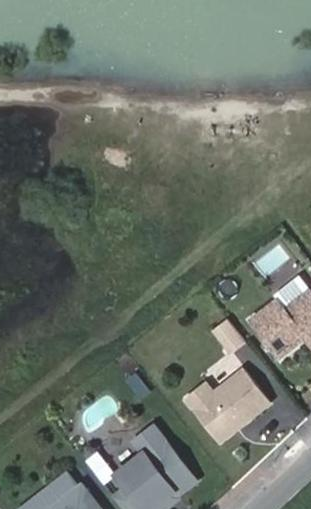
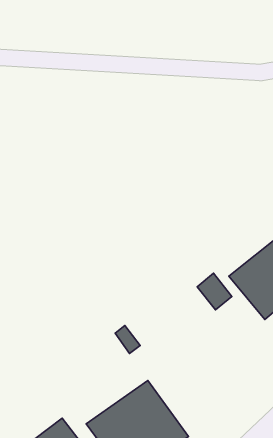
building: [180,365,272,446] -> none

